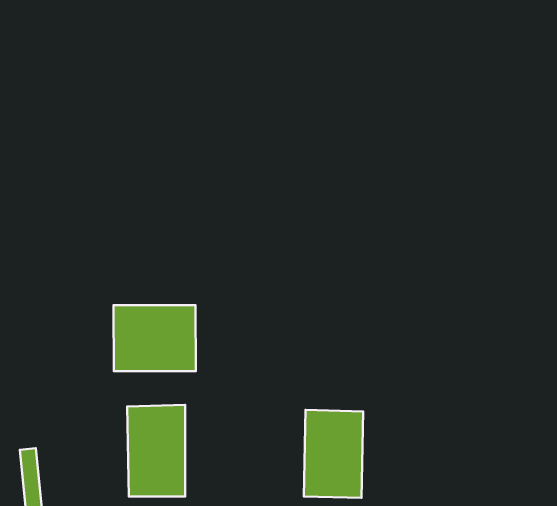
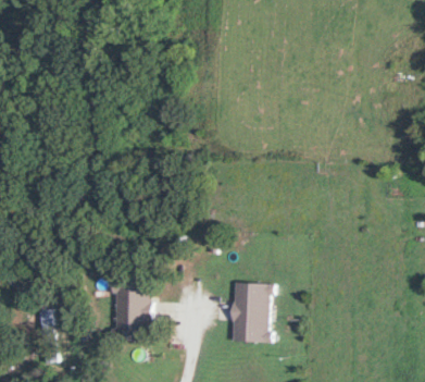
building: [113,305,196,371] -> none

